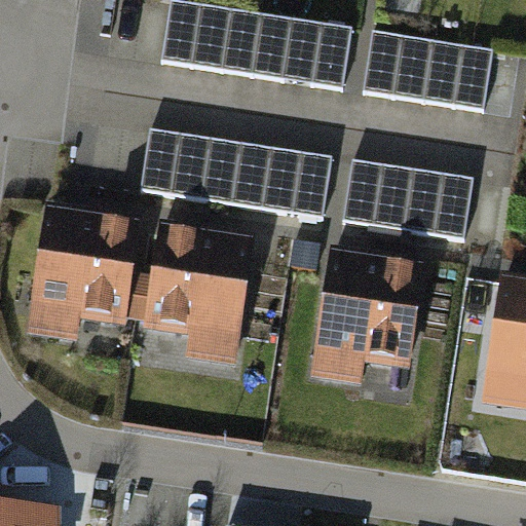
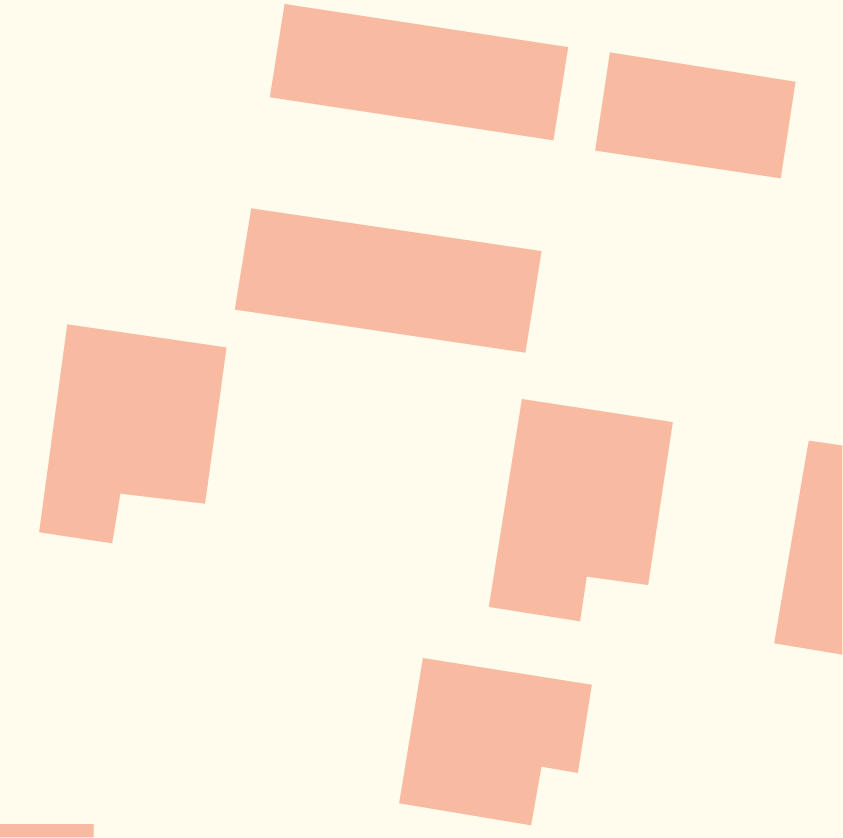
building: [346,162,477,240] -> none
building: [140,217,254,359] -> none
building: none -> [398,657,593,826]

